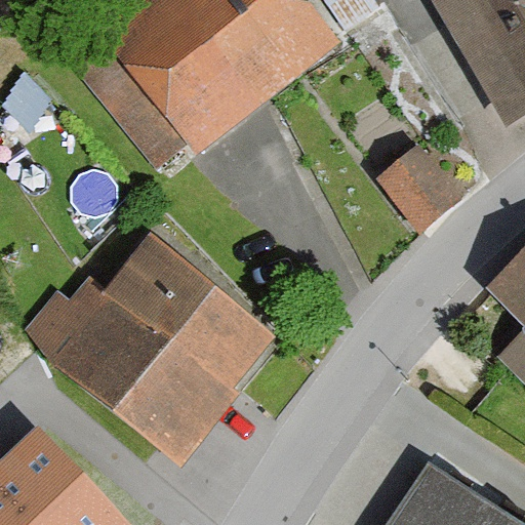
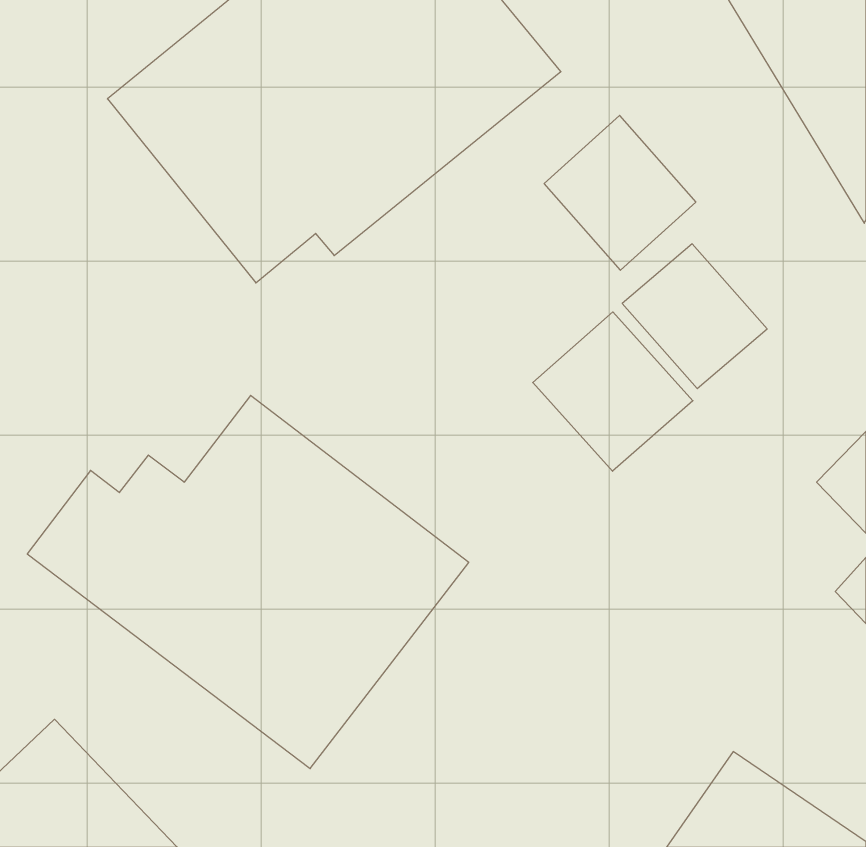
building: none -> [544,115,696,270]
building: none -> [533,312,693,471]

